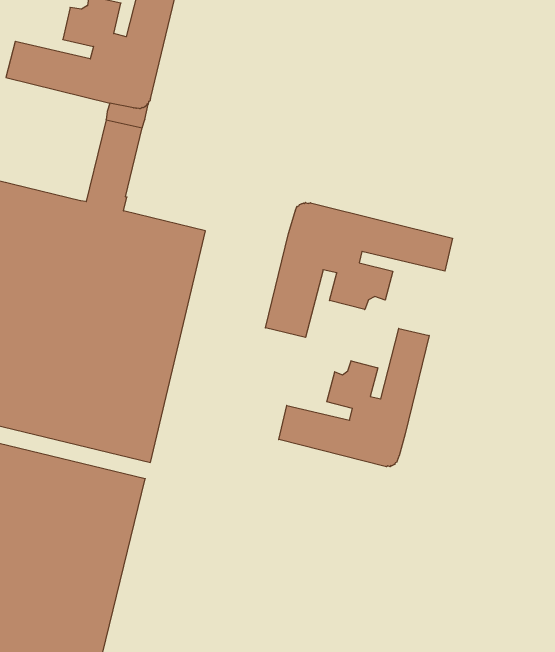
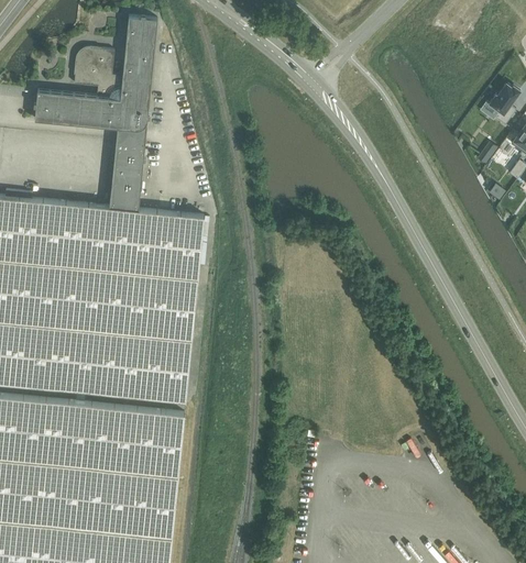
building: [265,202,452,337] -> none
building: [279,328,429,467] -> none

